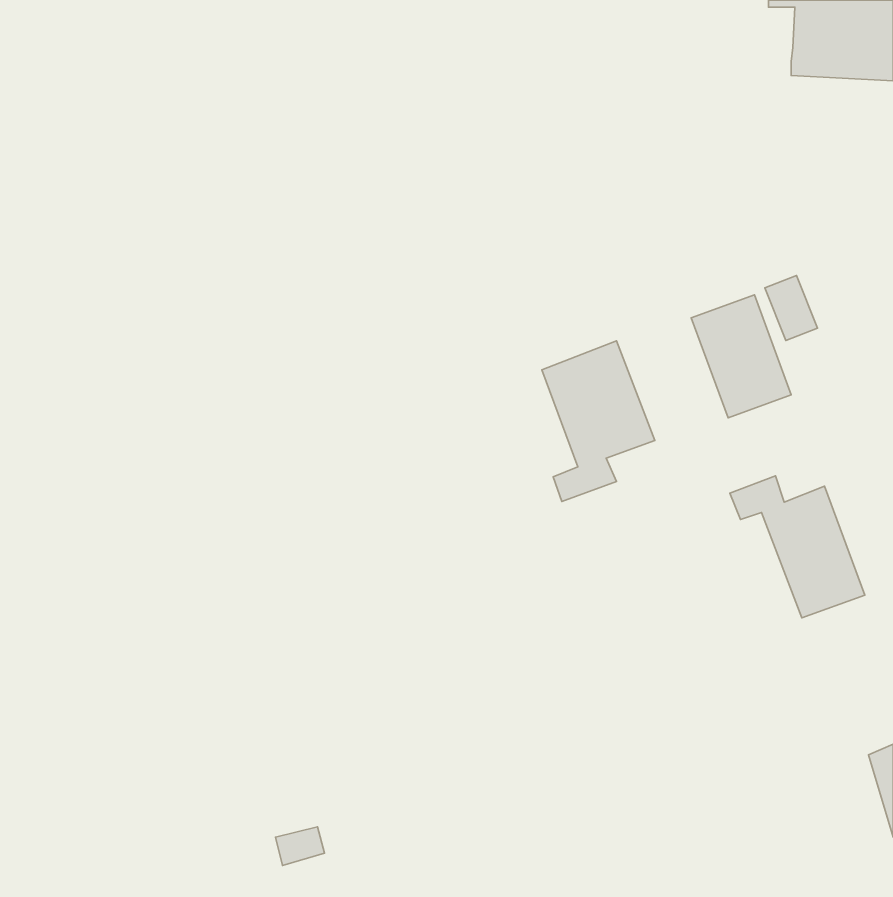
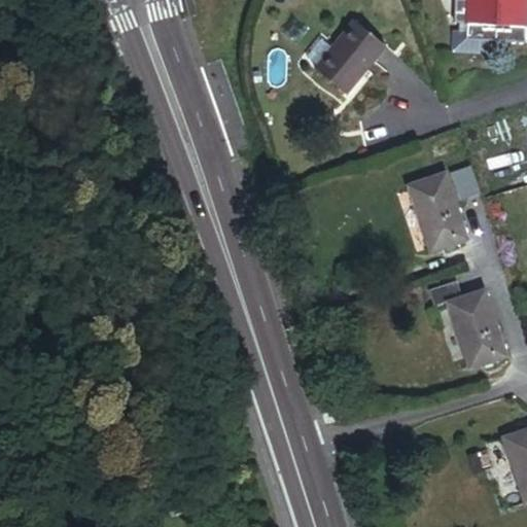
building: none -> [308,21,388,97]
building: [542,341,655,502] -> none

